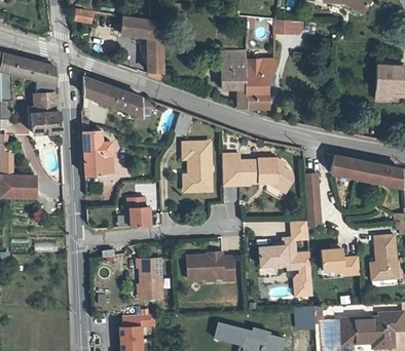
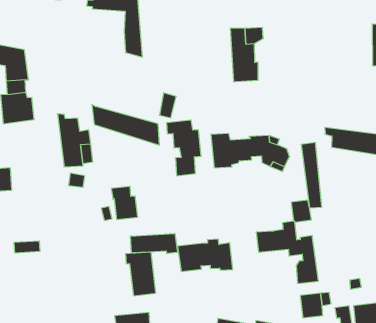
building: [220,51,246,108] -> none
building: [81,77,141,118] -> [92,105,159,145]
building: none -> [130,233,177,254]
building: [321,249,360,276] -> none

